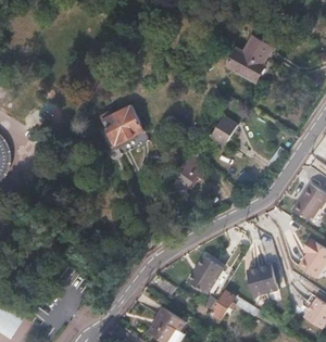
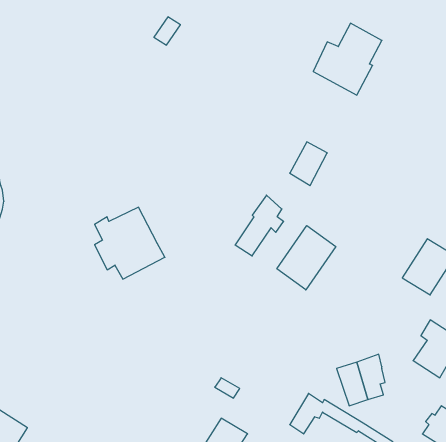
building: [102,104,151,154] -> [95,207,165,279]
building: none -> [277,226,336,290]
building: [189,257,223,292] -> none

